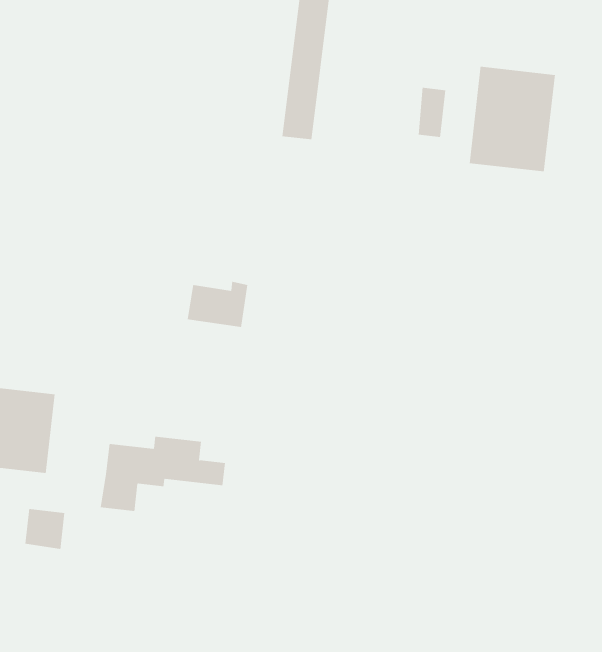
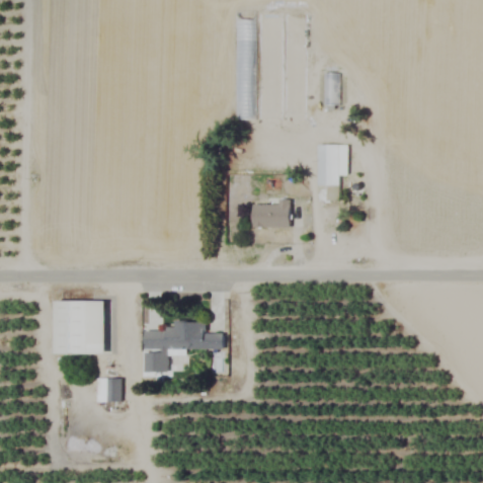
building: [469,66,555,172] -> none
building: none -> [317,144,347,185]
building: [187,281,248,327] -> [252,198,290,228]

